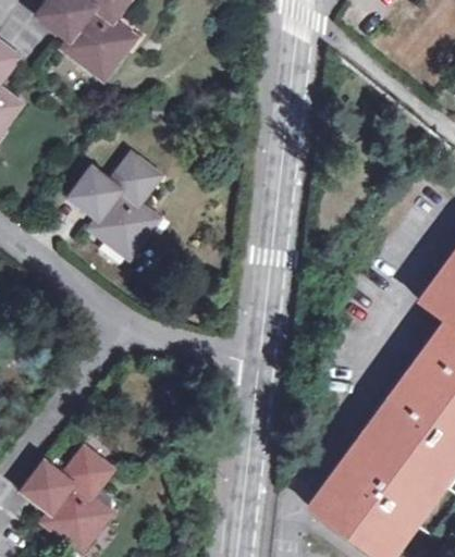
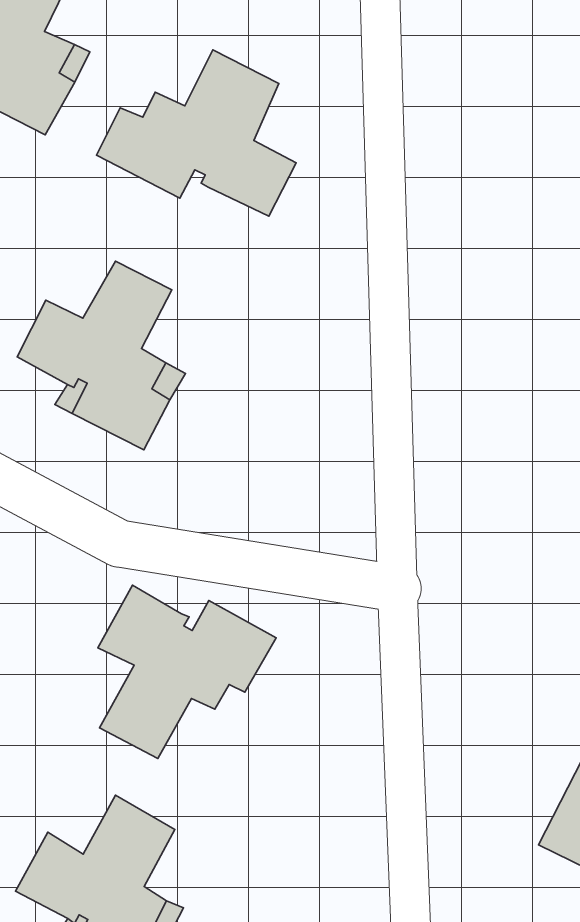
building: none -> [96,50,296,216]
building: none -> [98,585,276,758]

